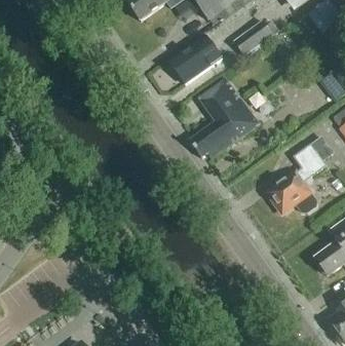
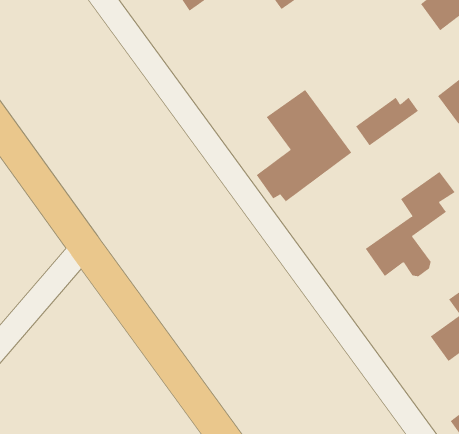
building: [233,20,279,55] -> [355,97,419,146]
building: [169,36,221,82] -> none

